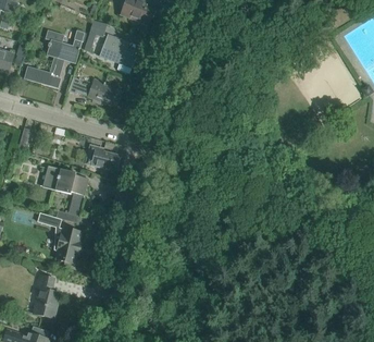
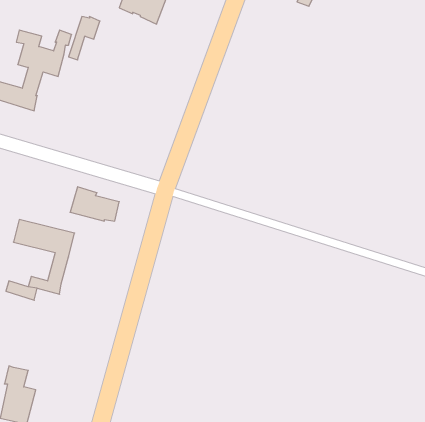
building: [99,34,138,73] -> none
building: [67,76,123,107] -> none
building: [57,227,82,262] -> none

